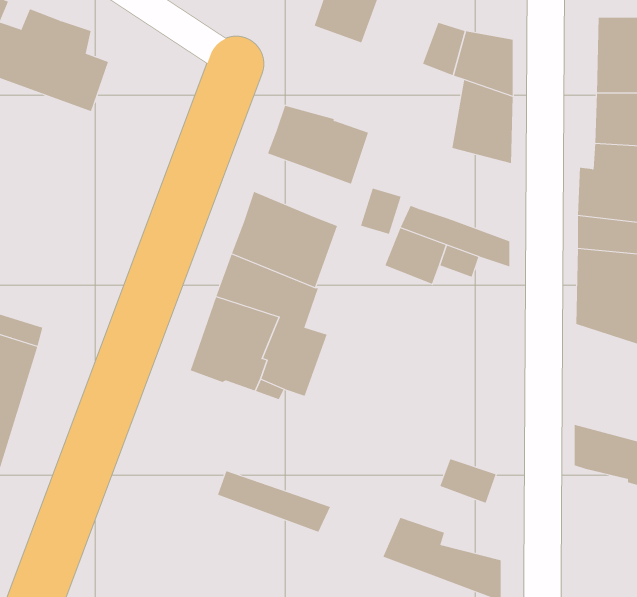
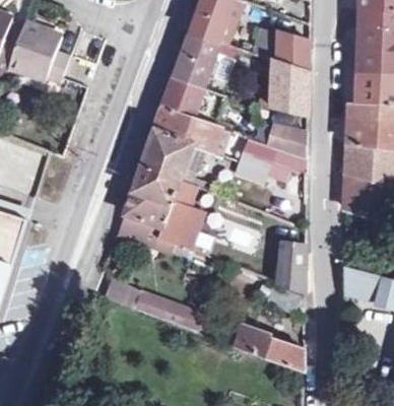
building: none -> [173,31,223,86]
building: none -> [154,107,219,152]
building: none -> [252,122,306,158]
building: none -> [274,242,303,292]

